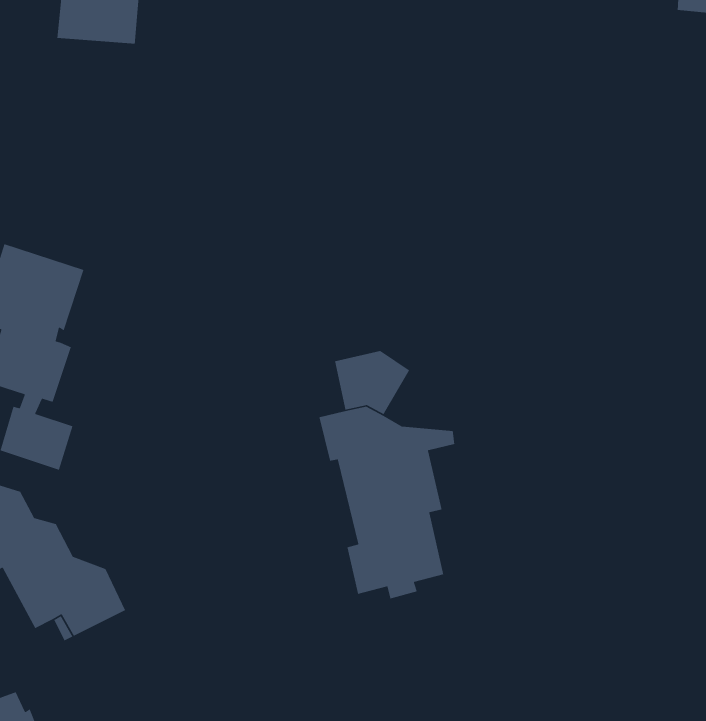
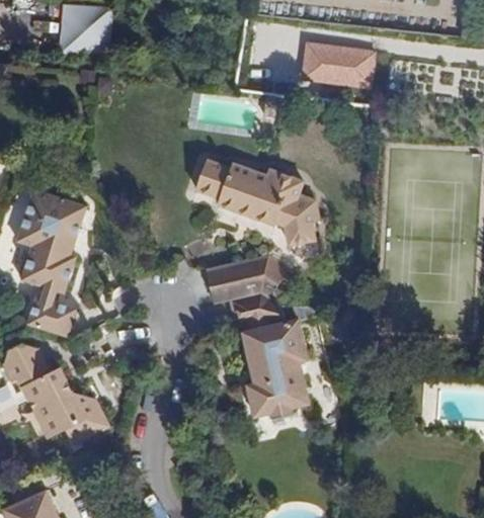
building: none -> [304,42,375,85]
building: none -> [198,159,322,247]
building: none -> [209,262,246,300]

